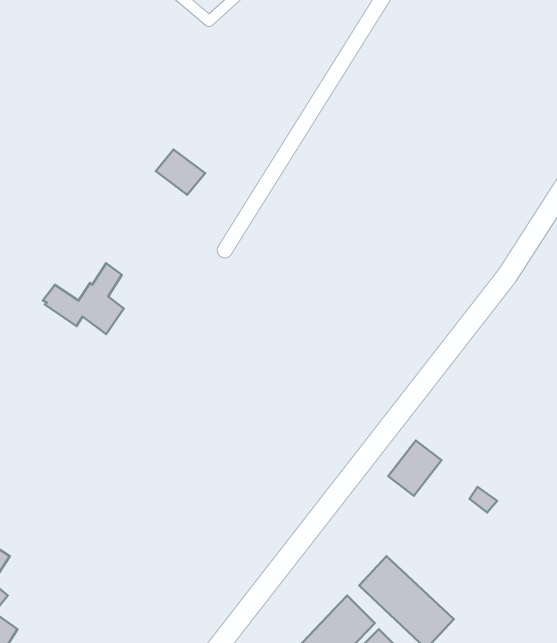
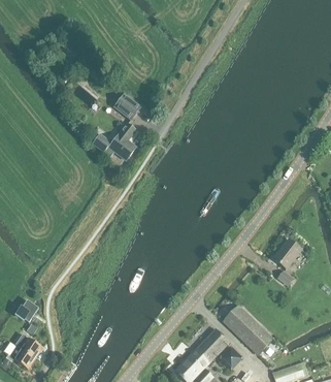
building: [43,263,124,334] -> [94,123,136,160]
building: [388,441,442,496] -> [273,240,301,268]

